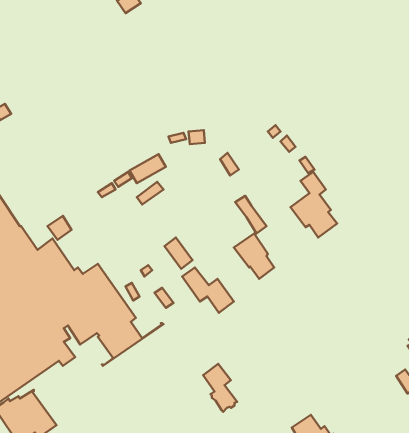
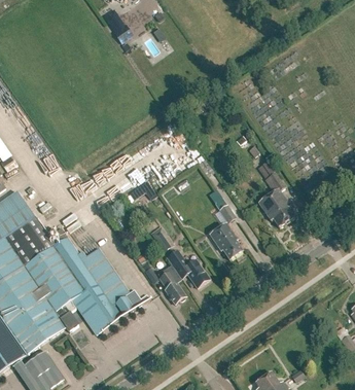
building: [203,364,237,412] -> [157,264,185,304]

